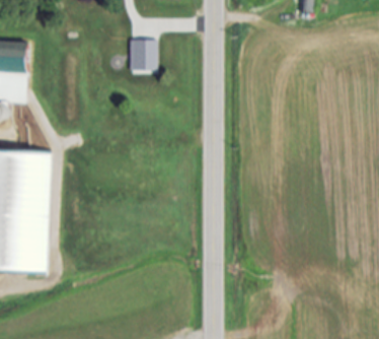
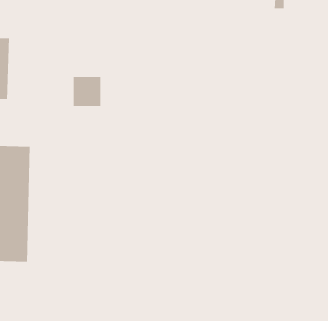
building: [130,39,159,70] -> [73,76,101,107]

